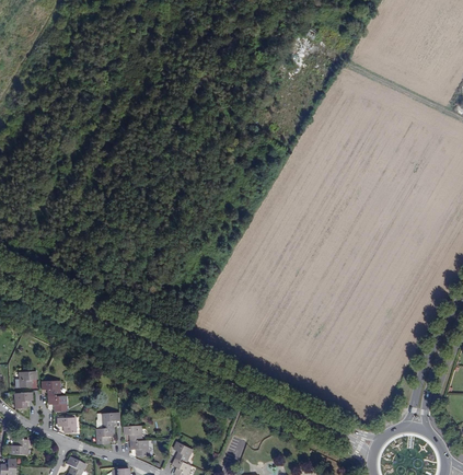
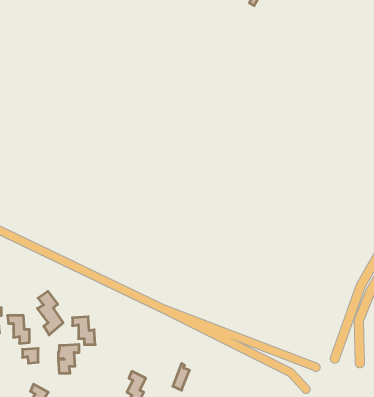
building: none -> [37,291,63,335]
building: [125,426,150,456] -> [72,317,95,345]

